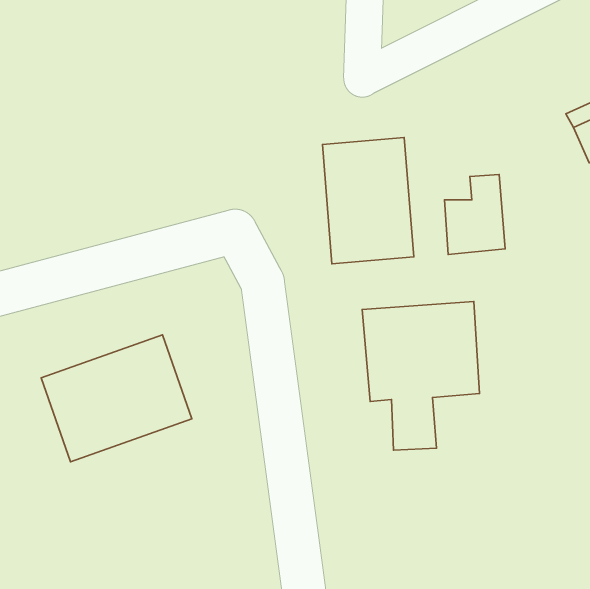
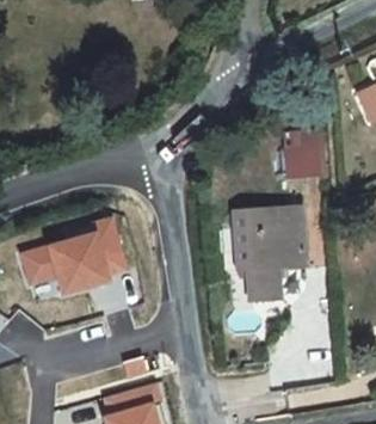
building: [323,138,414,264] -> none

